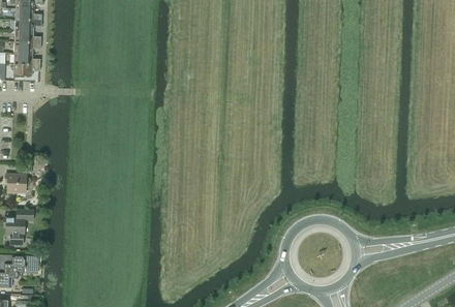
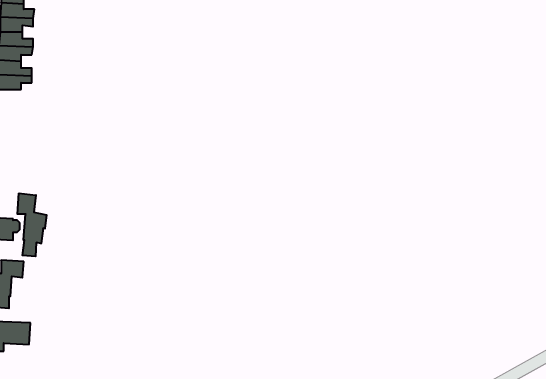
building: none -> [17,193,47,256]

